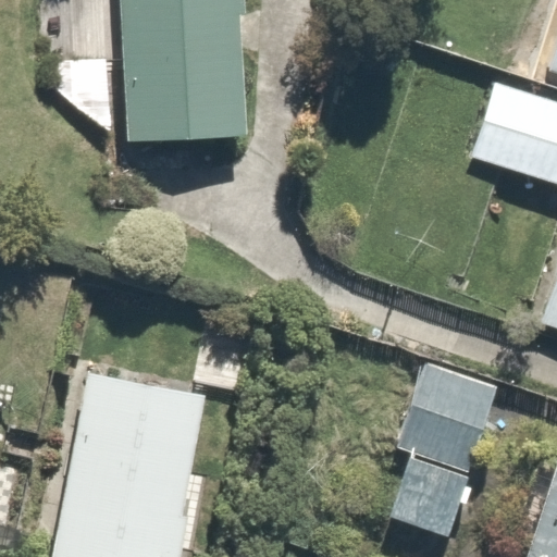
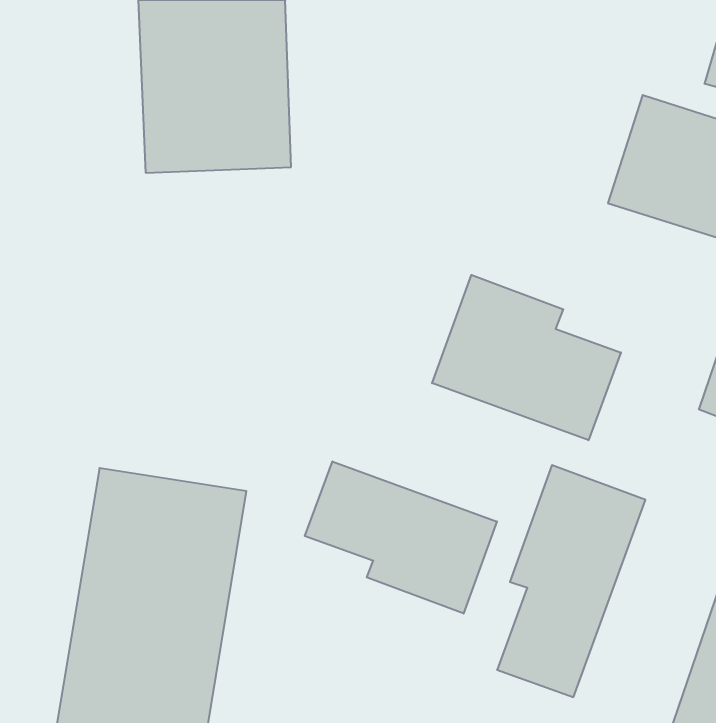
building: none -> [432,275,621,440]
building: none -> [305,461,497,614]

